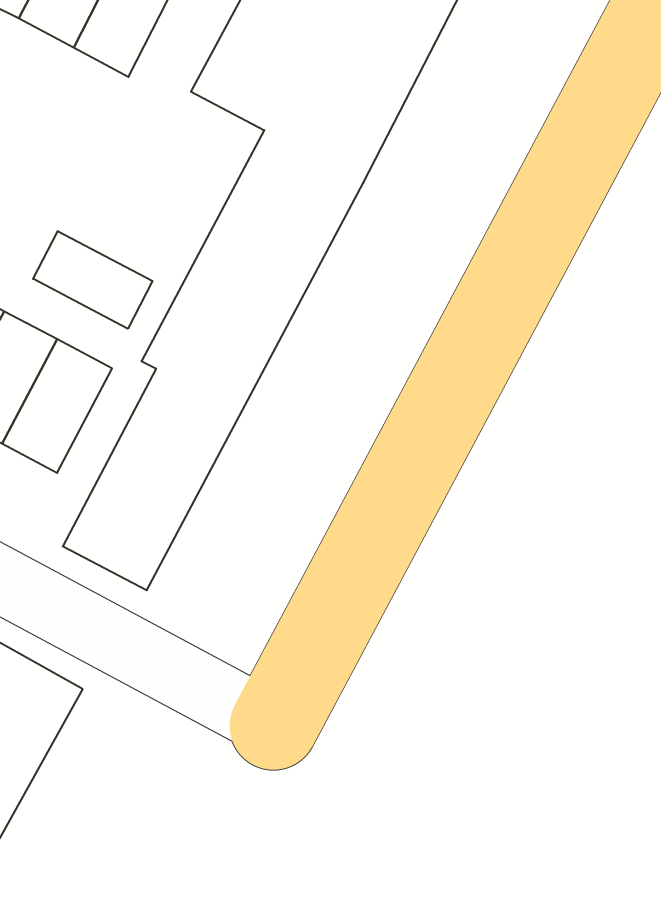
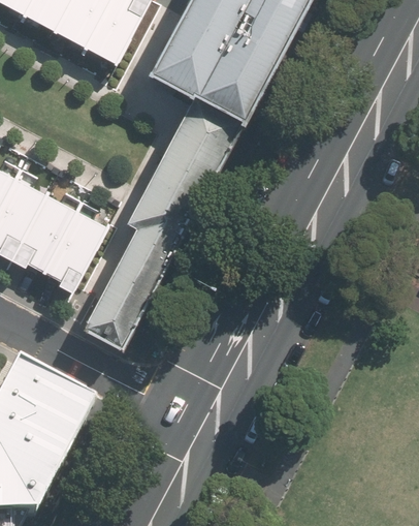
building: [33,231,153,329] -> none

